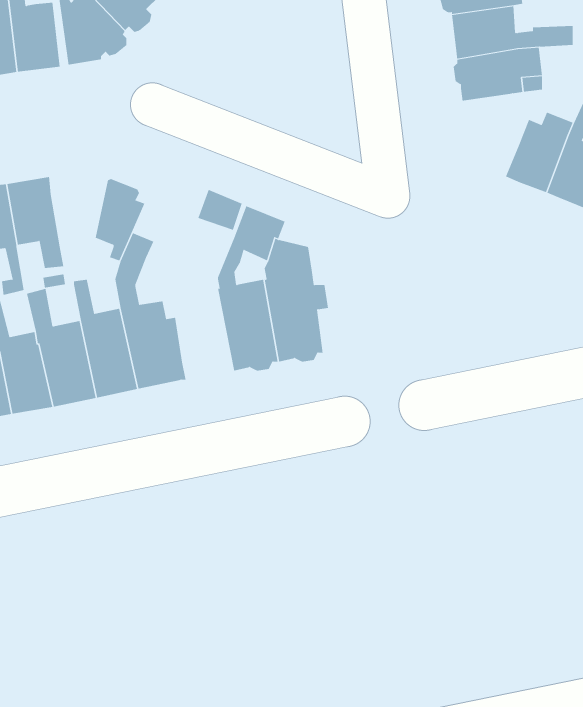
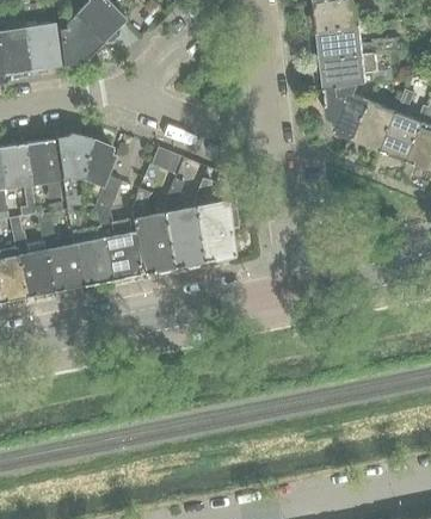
building: none -> [325,84,369,138]
building: none -> [56,134,90,208]
building: none -> [130,189,173,273]

